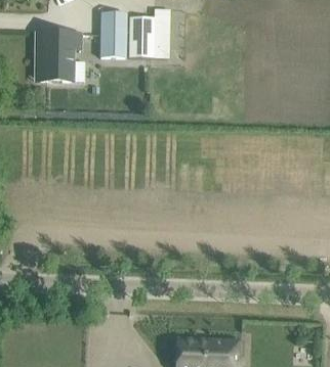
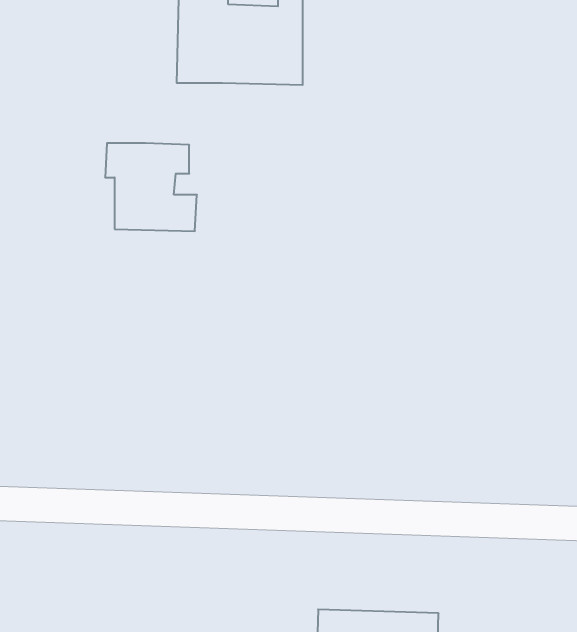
building: [36,33,85,80] -> [105,143,197,231]

